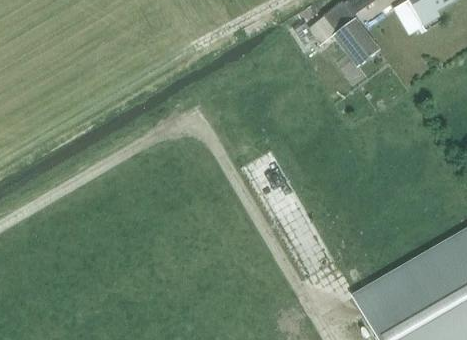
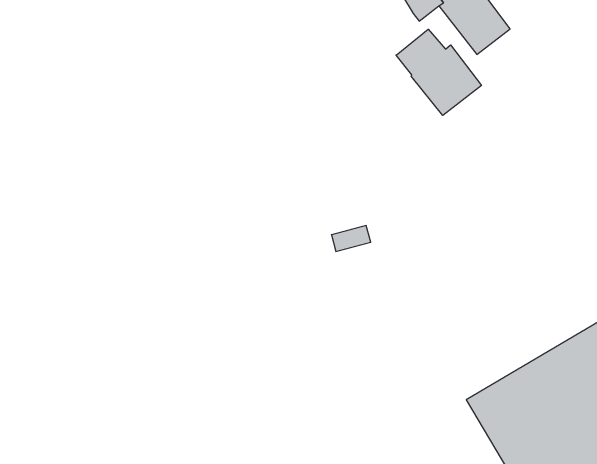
building: none -> [396,29,481,115]

